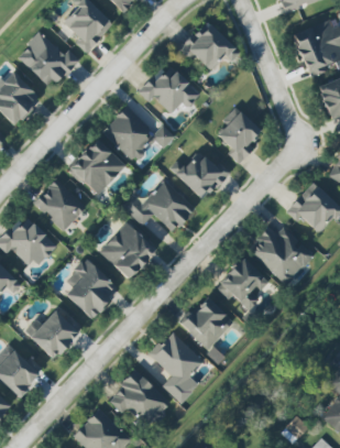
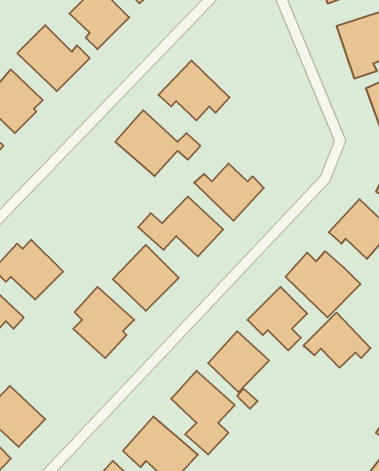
building: [182,21,241,73] -> none
building: [218,108,261,165] -> none
building: [69,139,127,196] -> none
building: [34,179,87,231] -> none
building: none -> [303,313,371,368]
building: [24,308,80,360] -> none

